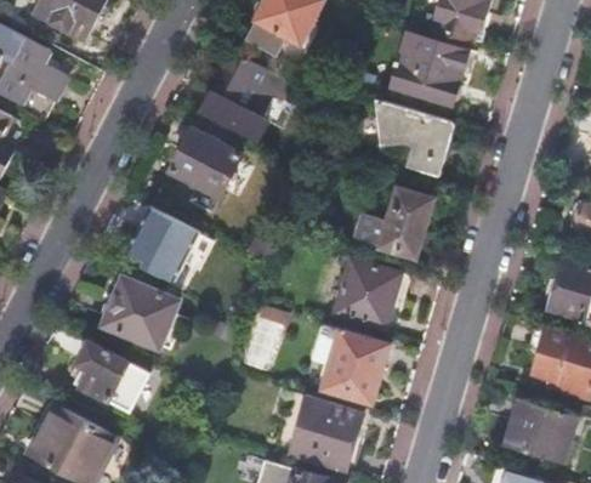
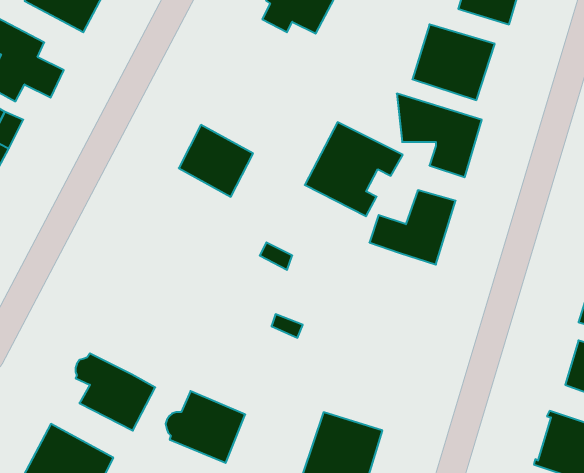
building: [201,53,292,141] -> [305,122,403,216]
building: [129,209,200,278] -> none
building: [333,260,398,328] -> none
building: [103,278,177,345] -> [166,391,245,463]
building: [322,330,390,402] -> none

